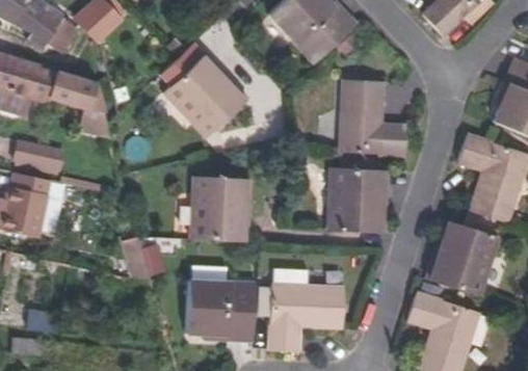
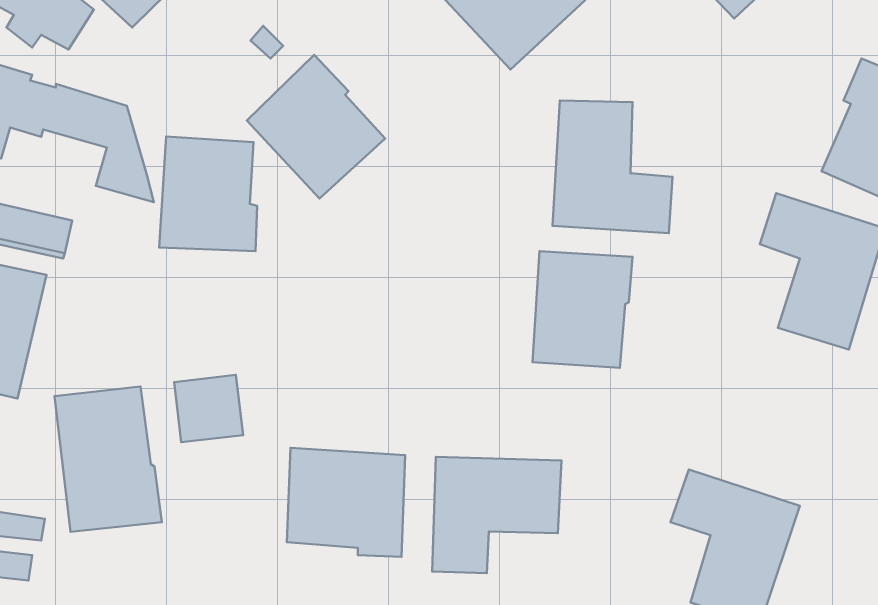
building: [190,175,246,240] -> [159,137,257,251]
building: [428,220,500,296] -> none
building: none -> [55,386,162,532]

